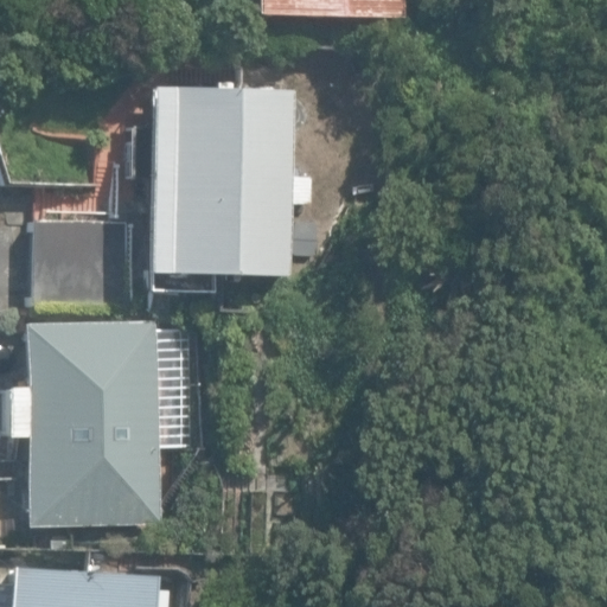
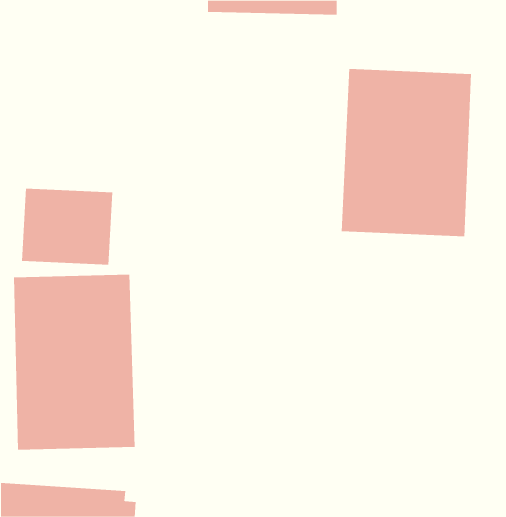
building: none -> [341,68,471,237]
building: [147,88,311,279] -> none

